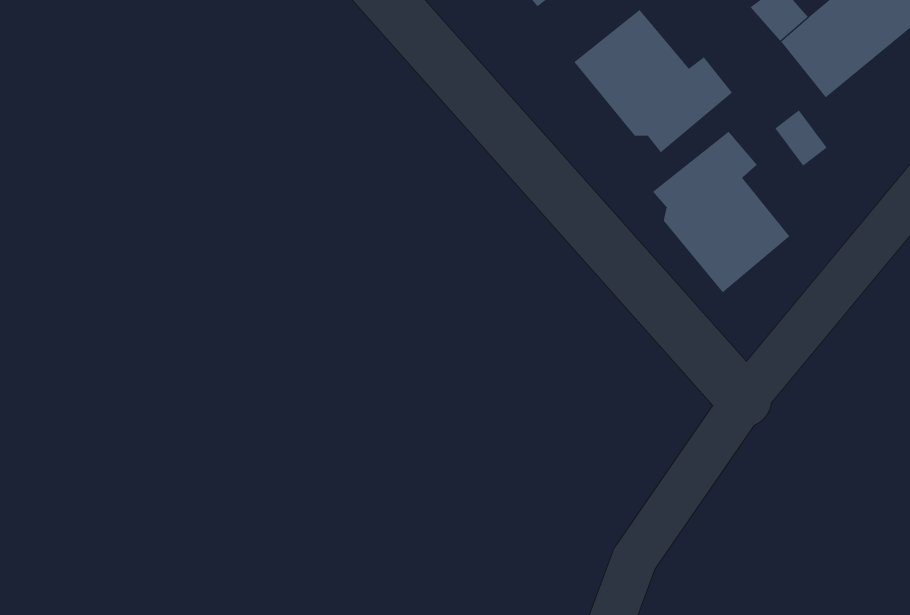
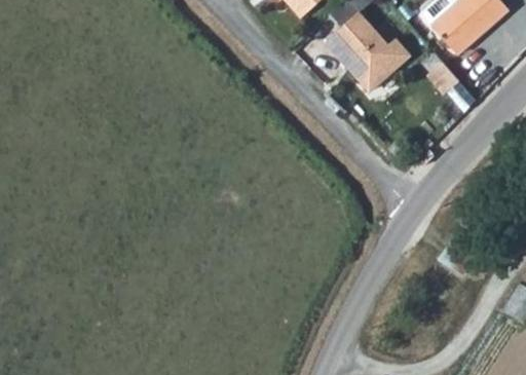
building: [652,131,790,293] -> none

